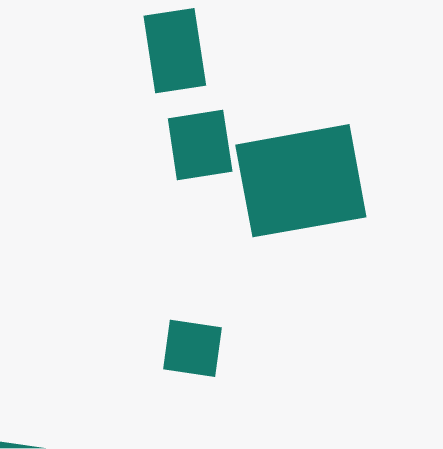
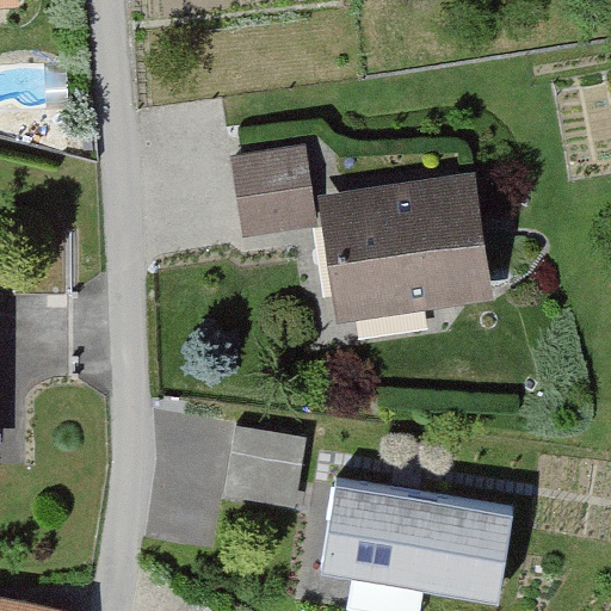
building: [142,7,207,94] -> none
building: none -> [321,483,501,597]

